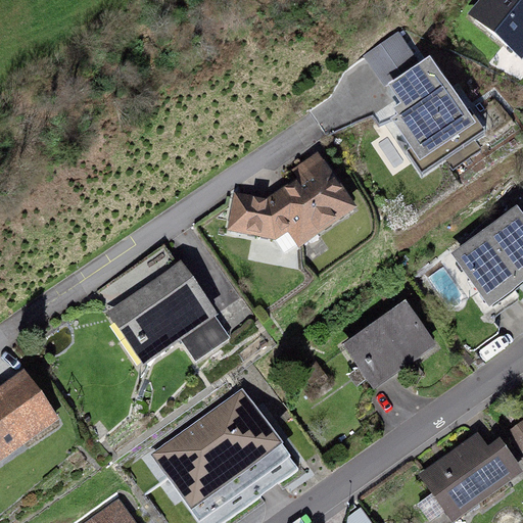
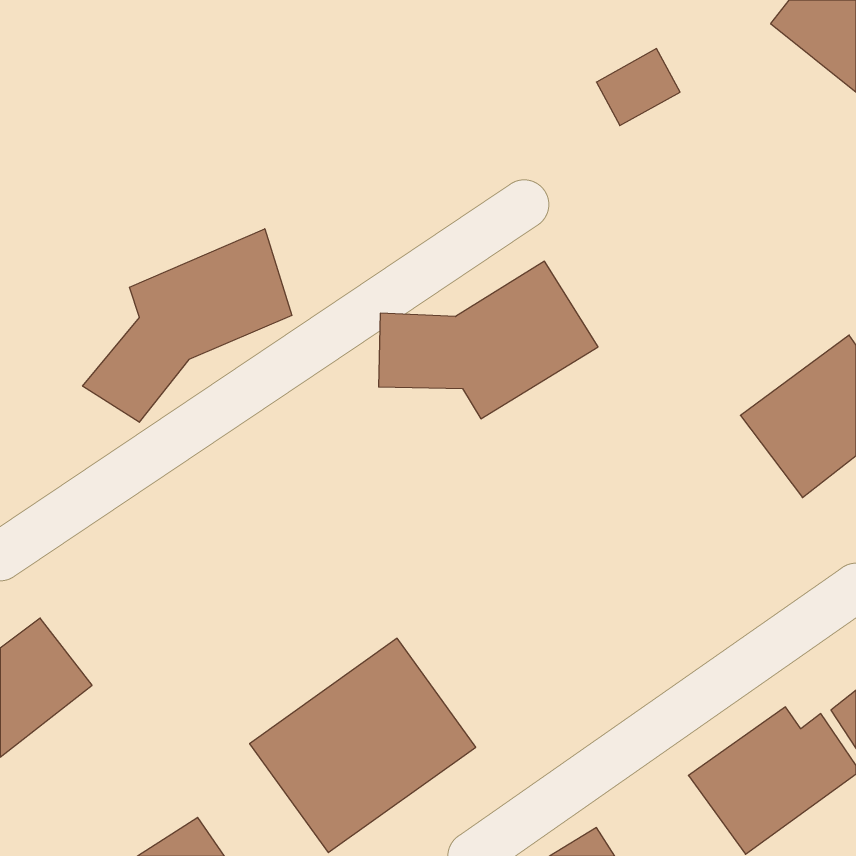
building: [388,54,476,158] -> none
building: none -> [83,229,292,422]
building: [106,259,229,365] -> none
building: [344,300,436,387] -> none

